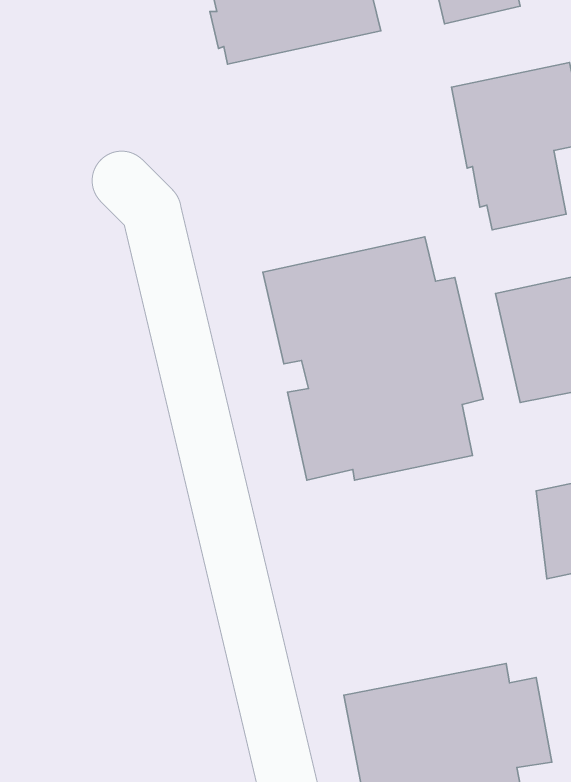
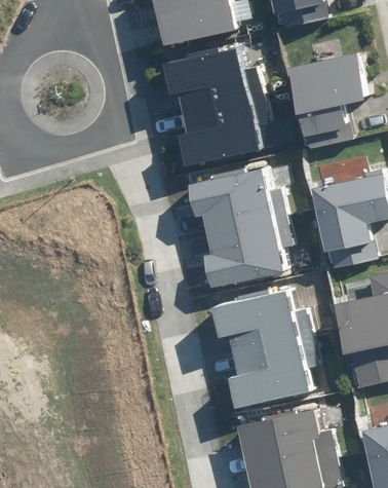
building: none -> [155,49,253,167]
building: none -> [220,290,320,402]

